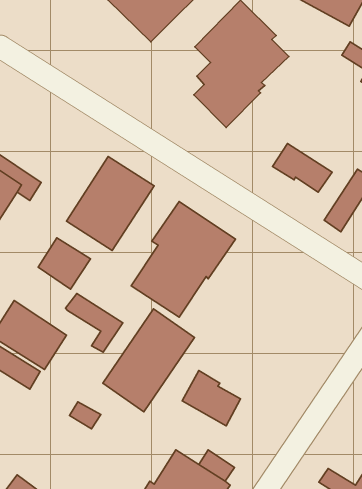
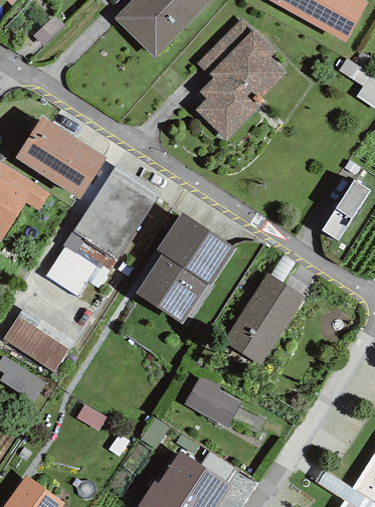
building: none -> [14,117,106,199]
building: [272,144,332,192] -> none
building: none -> [222,273,305,366]
building: [65,294,123,352] -> [61,231,117,288]
building: [103,309,195,412] -> none

